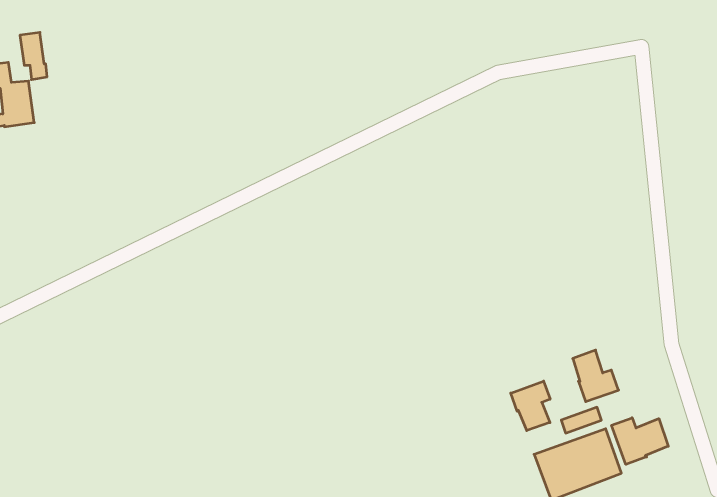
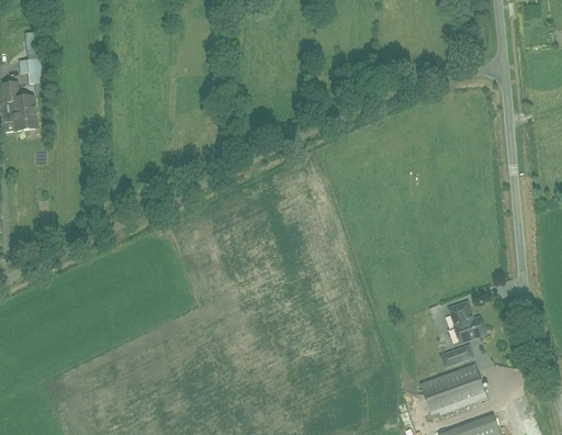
building: [511,381,550,431] -> none
building: [612,418,668,464] -> none

